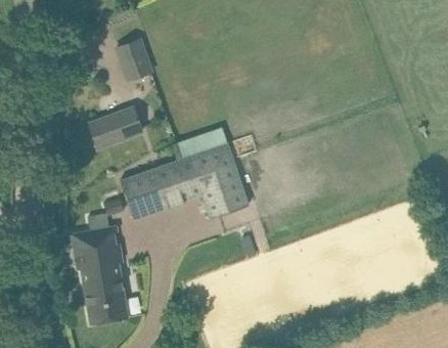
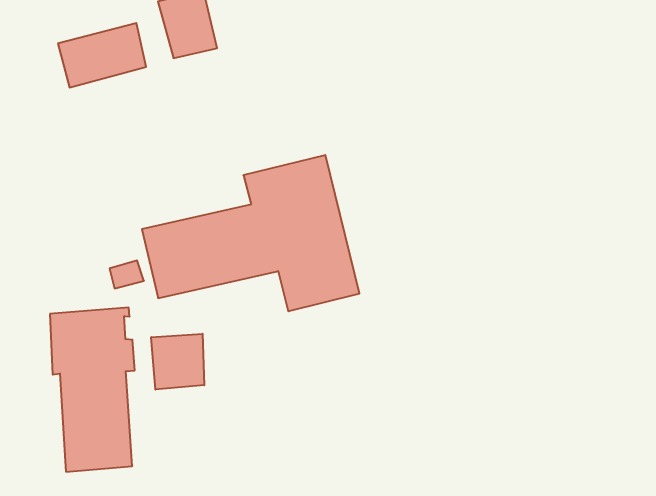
building: [89,107,141,148] -> [58,23,146,87]
building: none -> [151,334,204,390]

